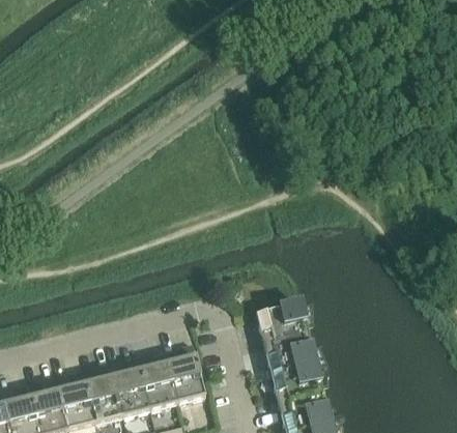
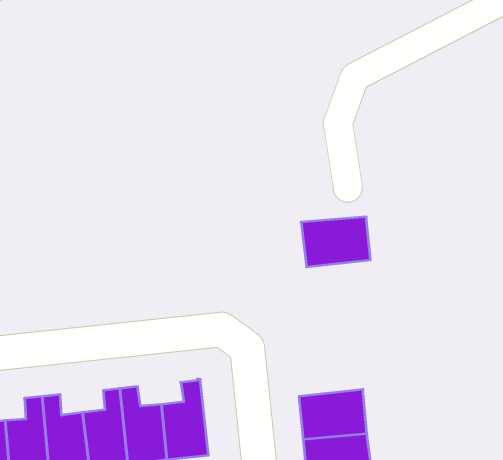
building: [256,302,309,344] -> [301,217,370,267]

